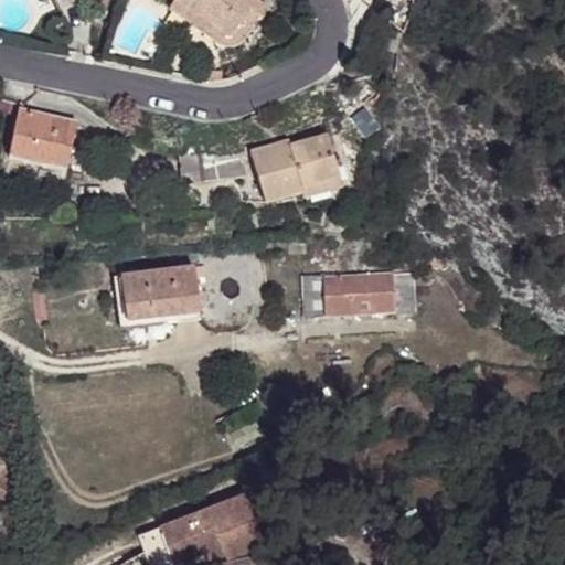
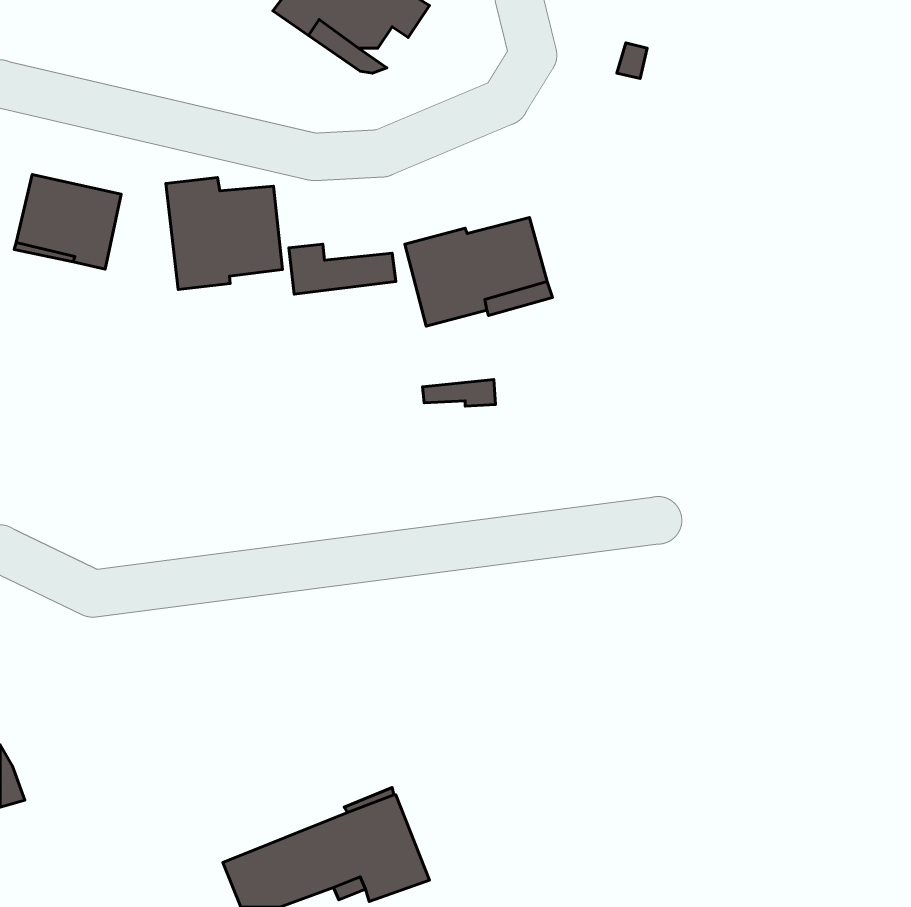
building: none -> [166,177,283,289]
building: [121,266,199,320] -> none
building: [303,270,415,318] -> none

